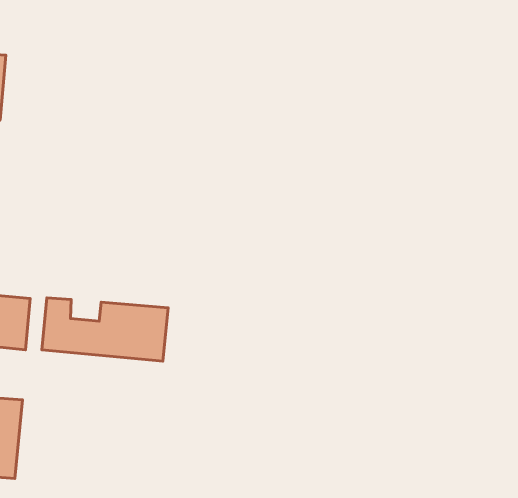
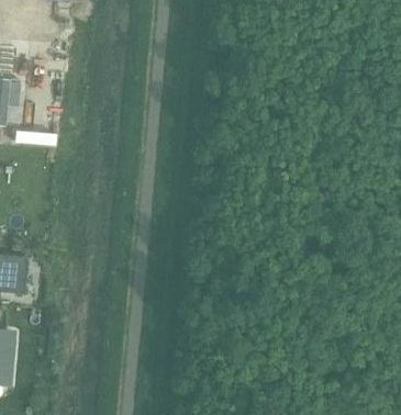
building: [42,298,168,361] -> none

